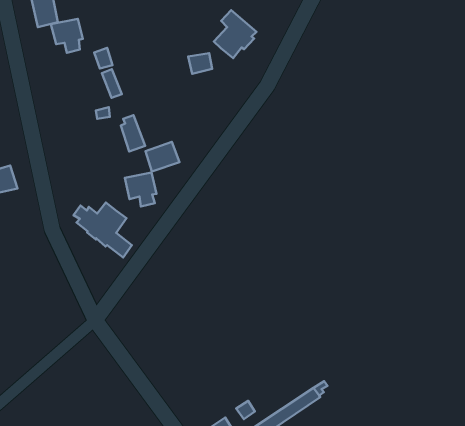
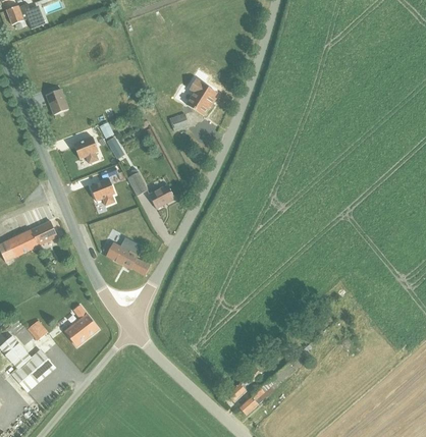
building: [51,19,83,53] -> [72,136,98,163]
building: [125,173,156,206] -> [89,178,114,205]
building: none -> [64,305,97,346]

